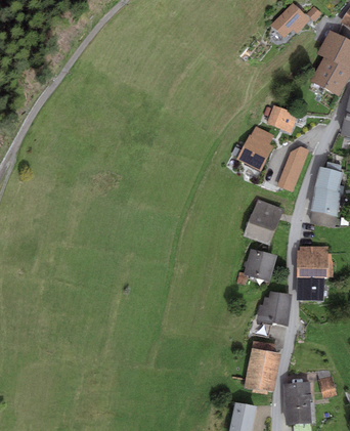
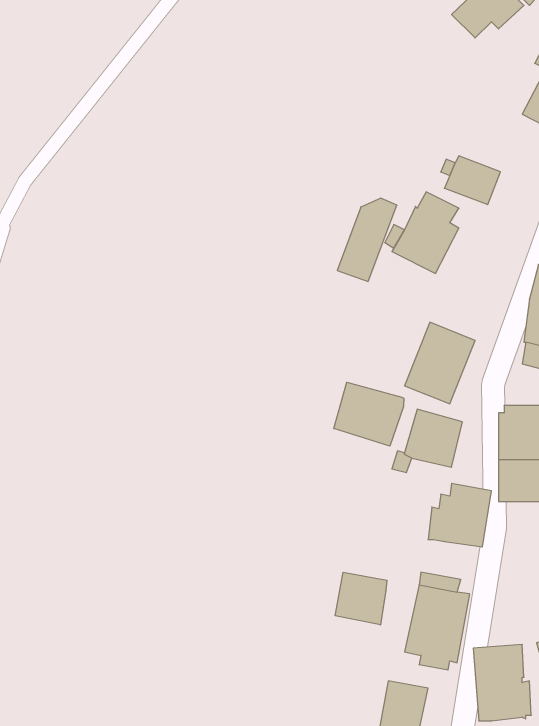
building: [276,146,310,193] -> [337,198,397,281]
building: none -> [334,382,404,446]
building: none -> [335,572,387,625]

